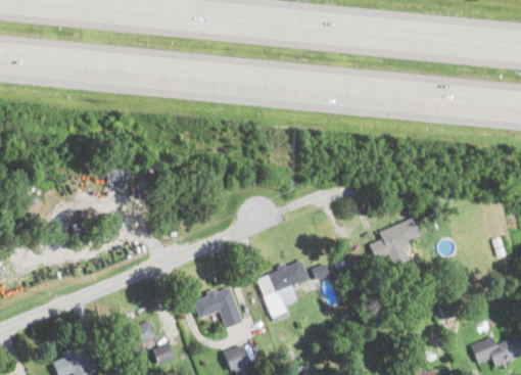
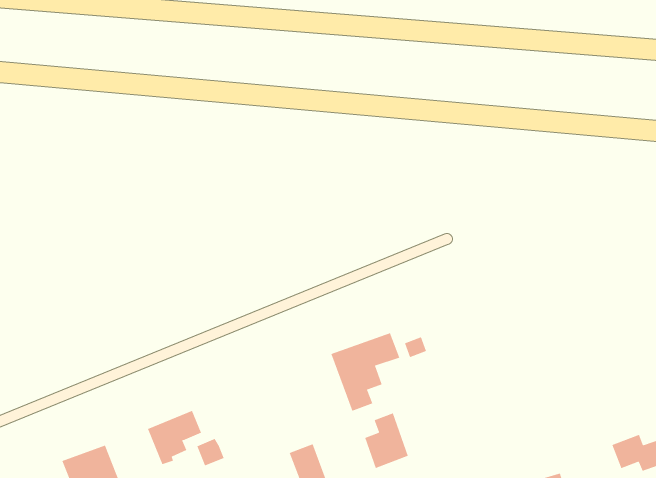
building: [371,220,419,264] -> none
building: [192,286,243,328] -> none
building: none -> [364,413,409,469]

